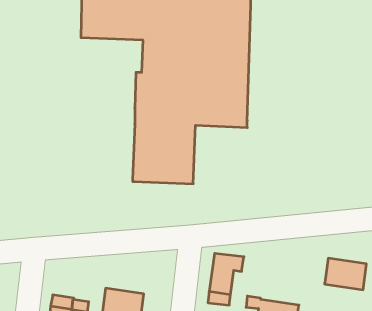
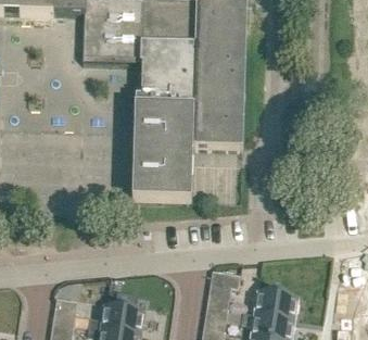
building: [325,258,366,290] -> [256,285,296,315]

